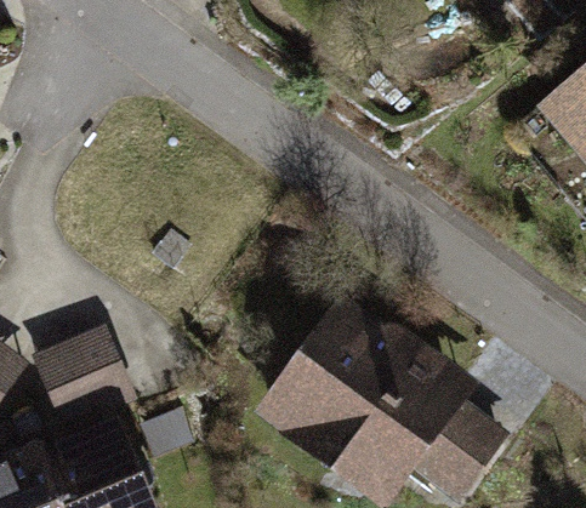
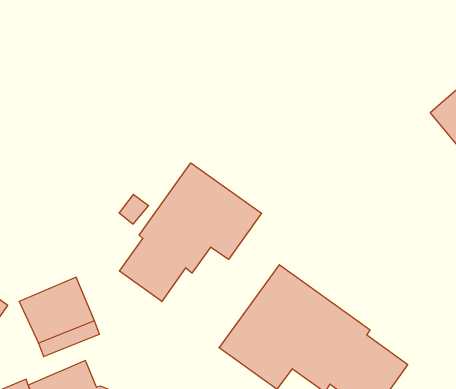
building: none -> [120,163,262,302]

